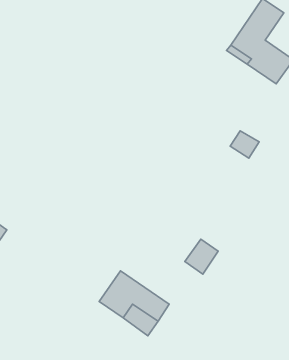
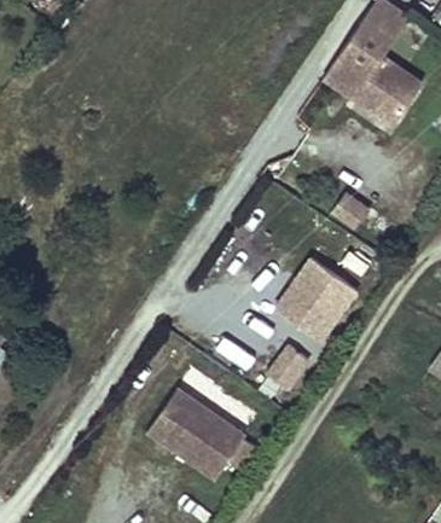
building: none -> [273,254,359,339]

